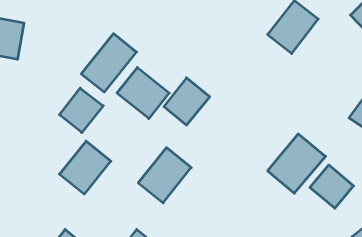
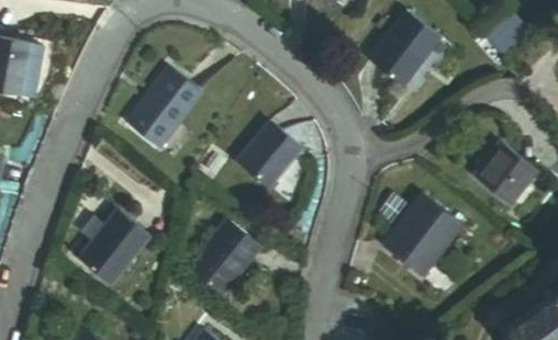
building: [117,67,169,119] -> none
building: [59,88,103,133] -> none
building: [310,165,354,208] -> none

